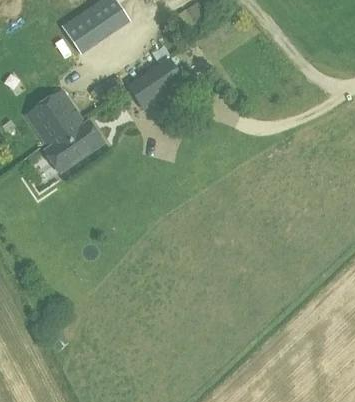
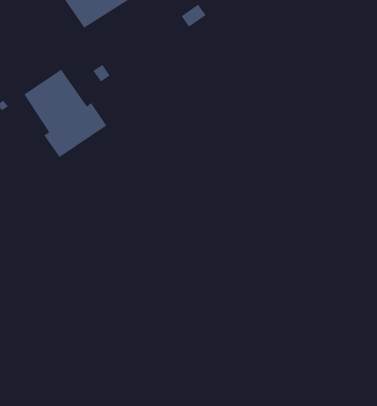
building: [128,58,183,107] -> none

